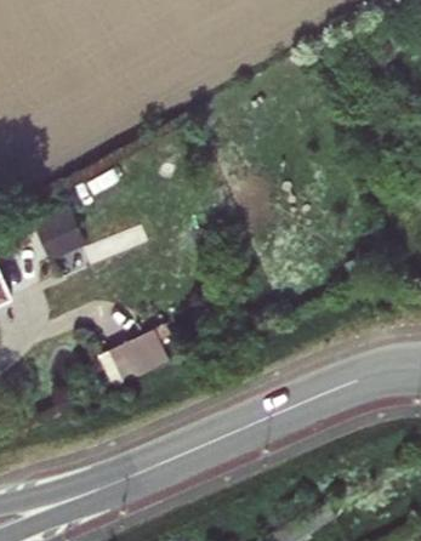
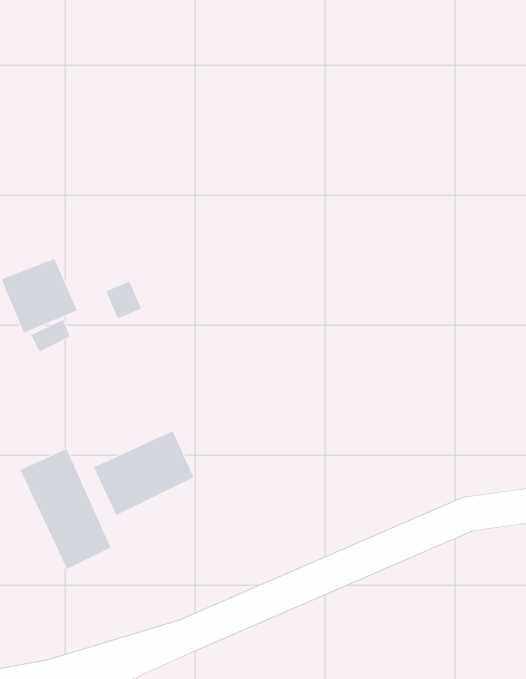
building: none -> [20,448,111,570]

